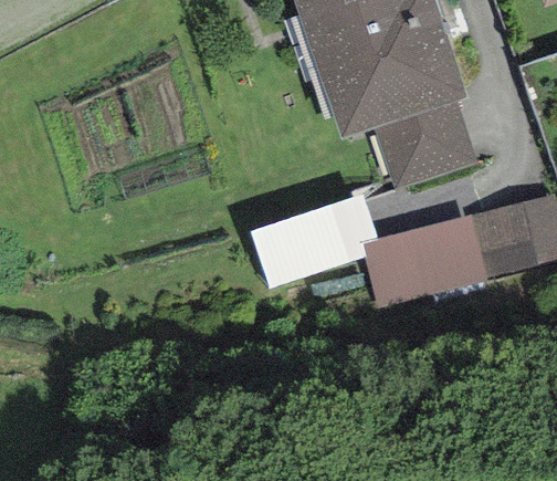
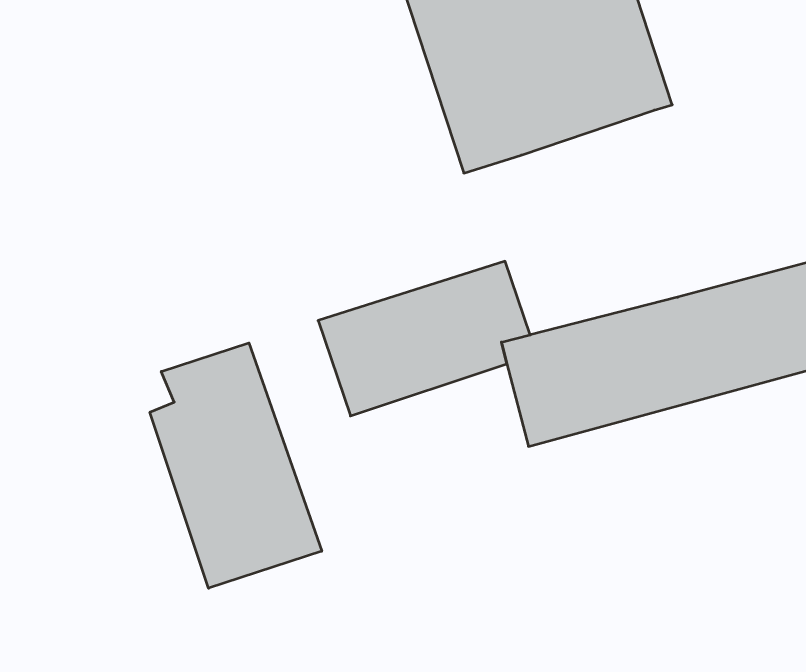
building: [374,101,476,189] -> none
building: none -> [150,343,322,588]

